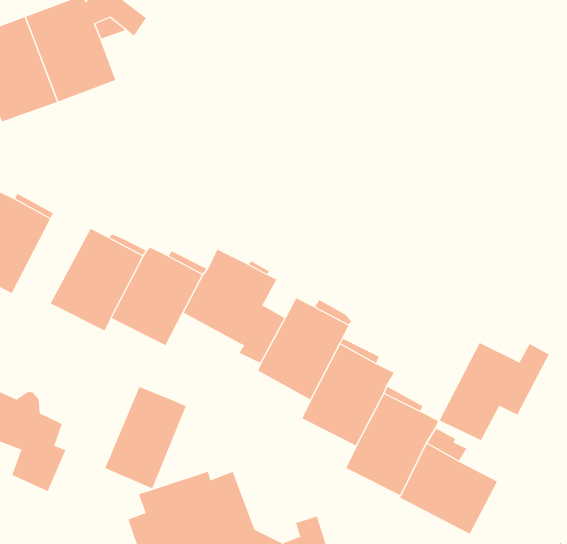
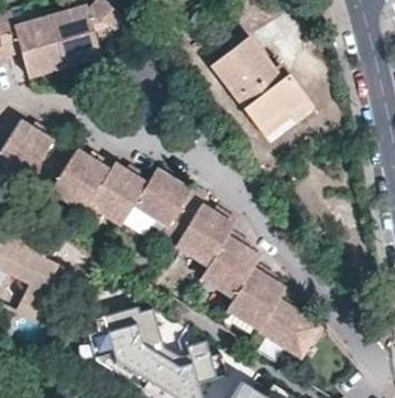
building: none -> [212,35,308,131]
building: [439,342,550,441] -> none
building: [104,386,187,489] -> none

